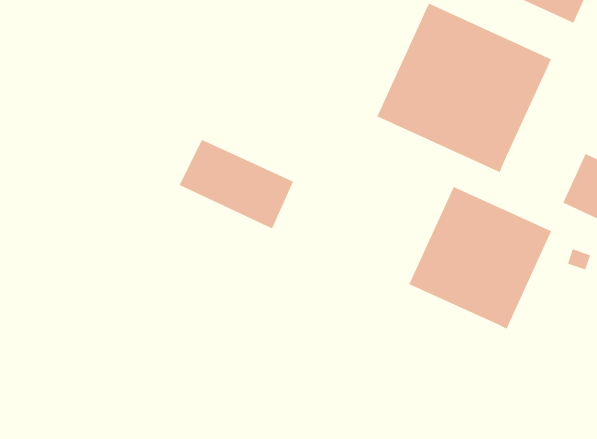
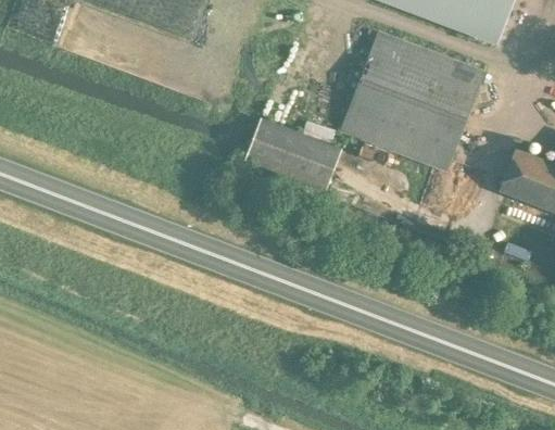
building: [179,139,294,229] -> [243,119,340,191]
building: [409,186,552,329] -> none

